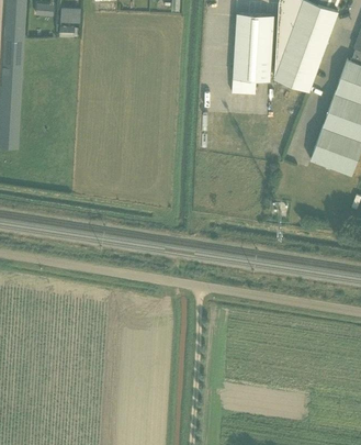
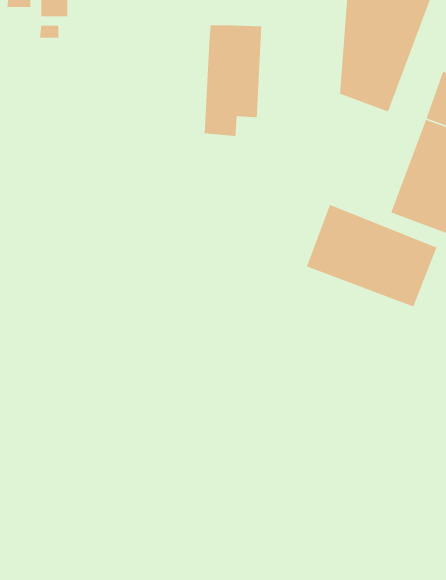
building: [232,14,273,94] -> [204,24,262,137]
building: none -> [306,204,438,308]

